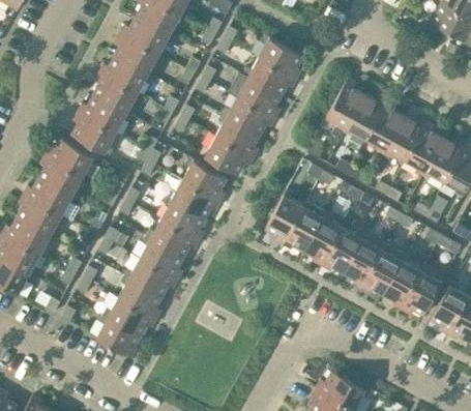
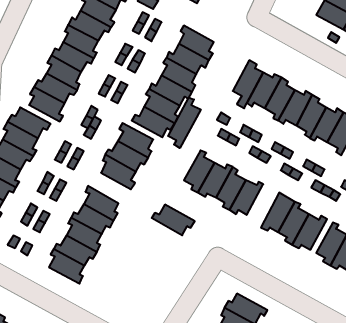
building: none -> [168,98,201,148]
building: [145,219,199,258] -> [152,205,195,235]
building: [344,234,384,288] -> none

